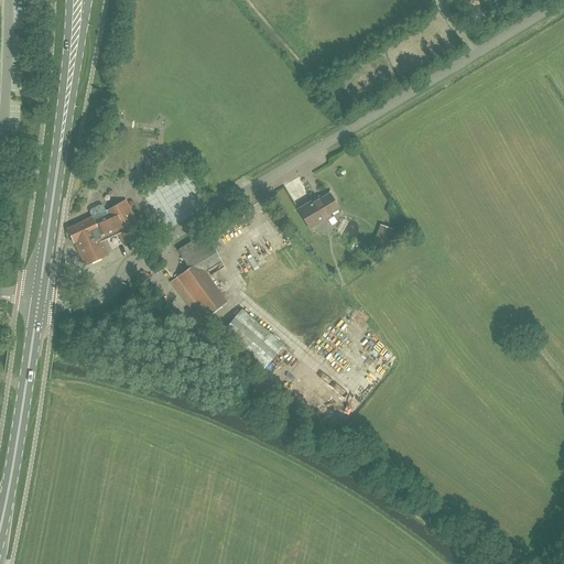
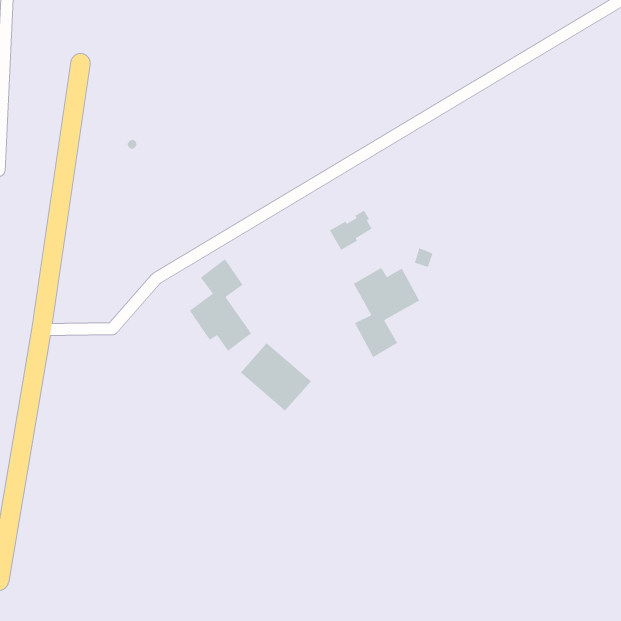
building: [67,199,142,263] -> none
building: none -> [353,267,420,358]

